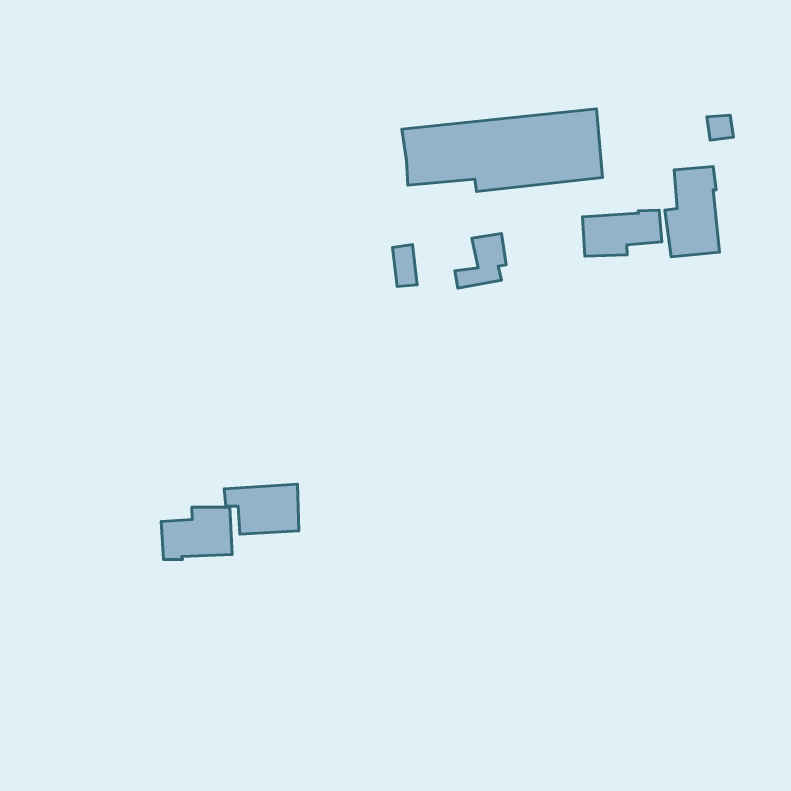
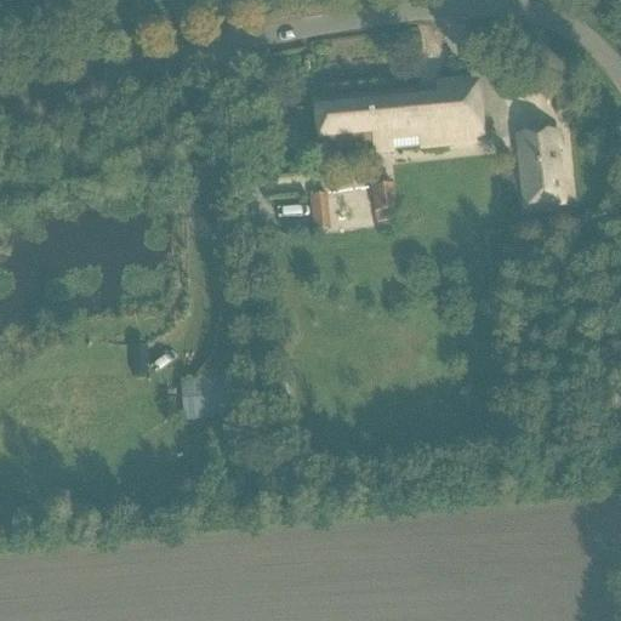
building: [582,210,662,256] -> none
building: [161,507,232,559] -> none

